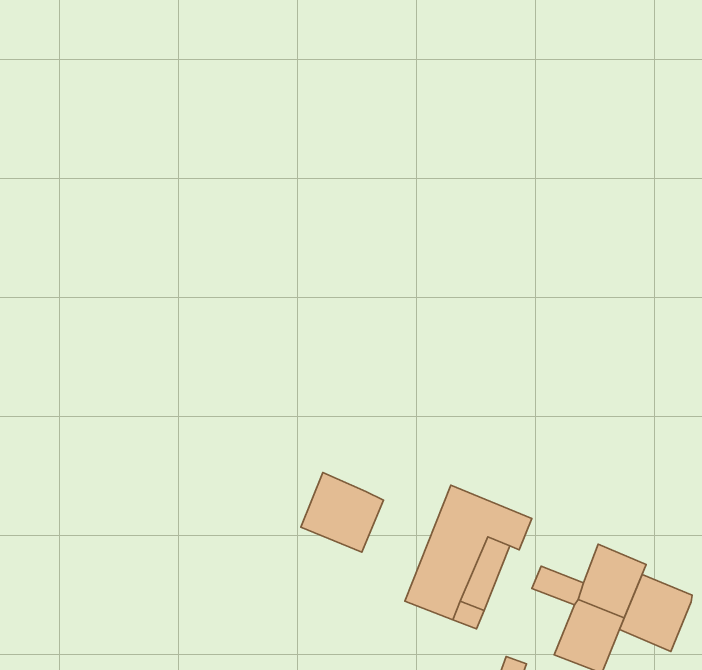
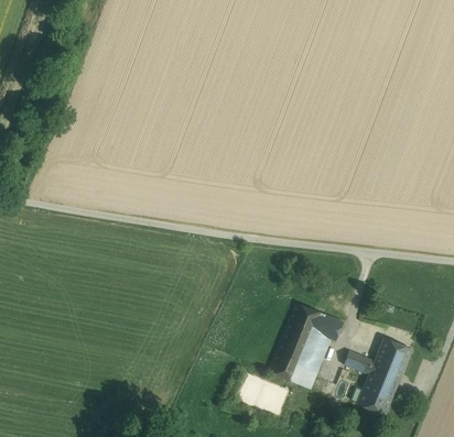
building: [301,472,384,552] -> none
building: [619,575,692,652] -> none

